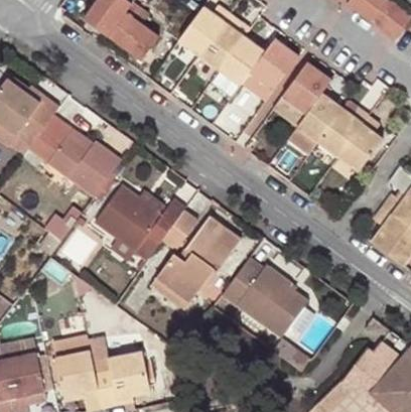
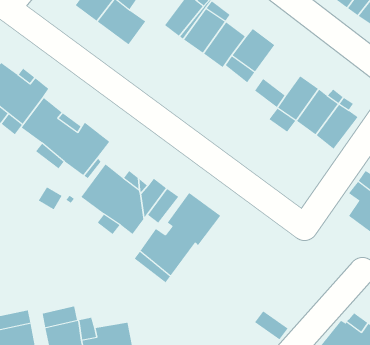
building: [284,65,329,113] -> none
building: [224,260,308,337] -> none

